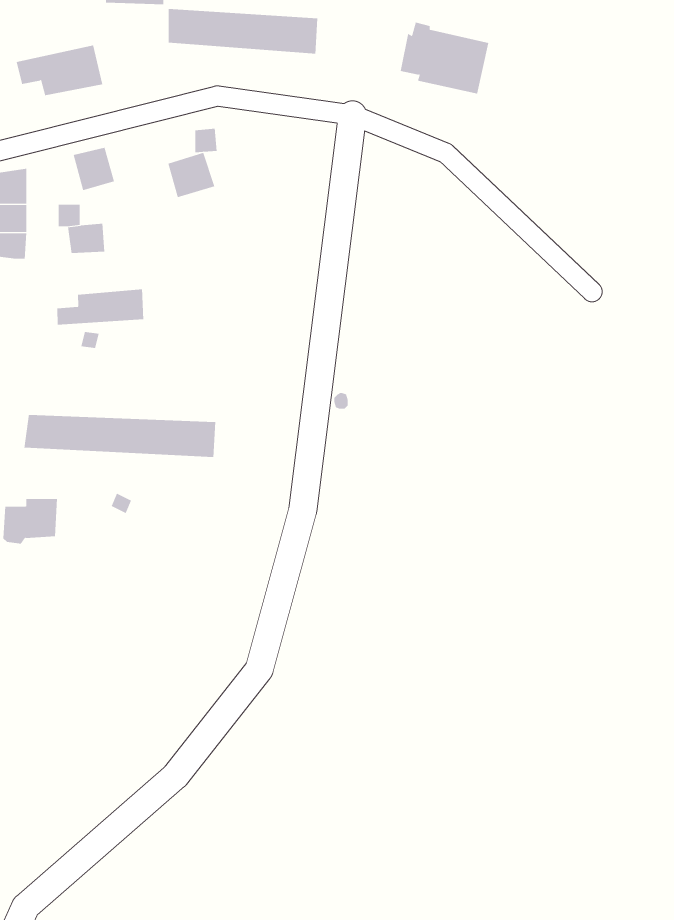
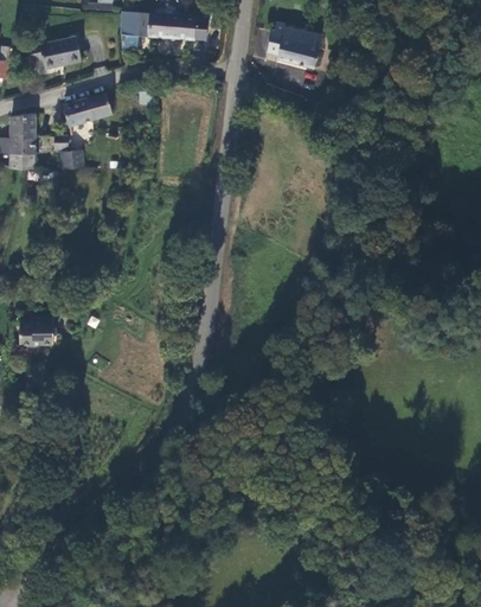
building: [168,152,215,198] -> [83,92,113,121]
building: [57,289,144,326] -> none
building: [24,414,216,458] -> none

